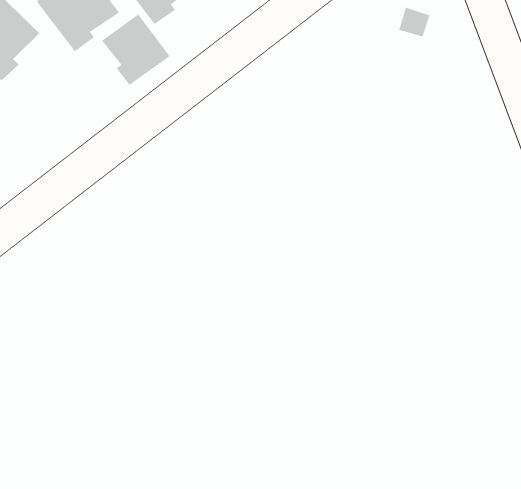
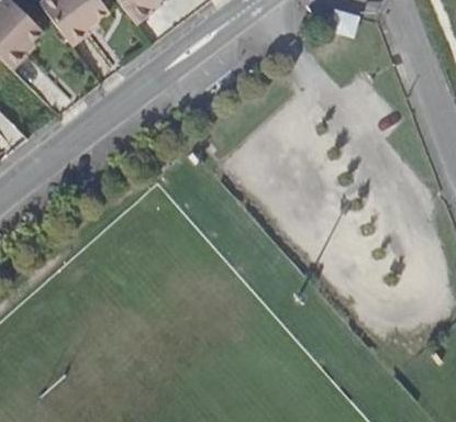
building: [101,13,170,86] -> none

